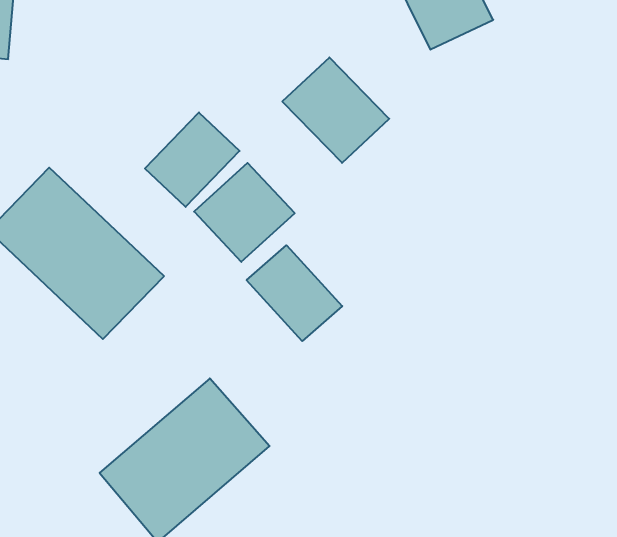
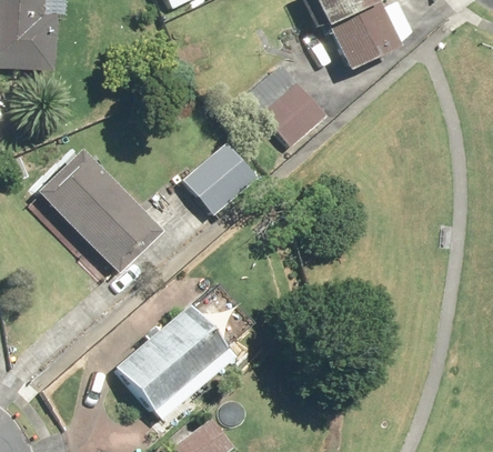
building: [145,112,240,207] -> none
building: [247,245,342,341] -> none

